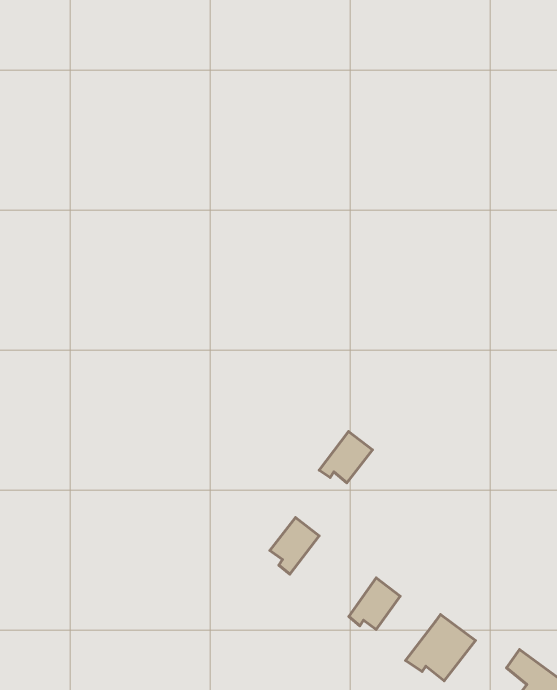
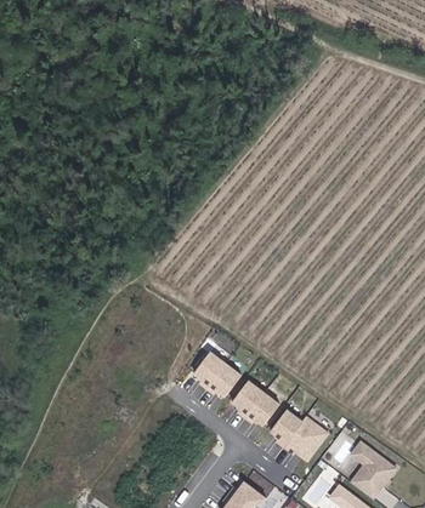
building: [319,431,373,483] -> [206,364,242,398]
building: none -> [232,381,264,417]
building: none -> [270,409,302,446]

